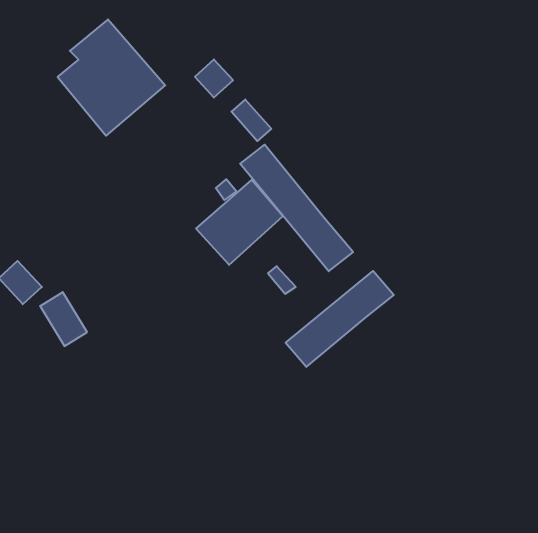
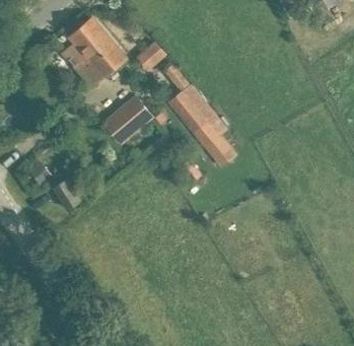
building: [196,180,283,265] -> [103,93,154,143]
building: [286,271,394,367] -> none

